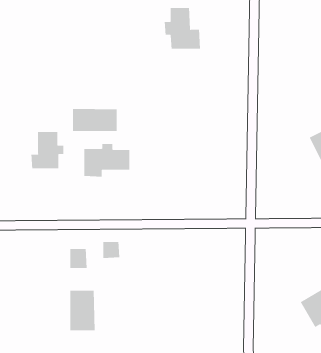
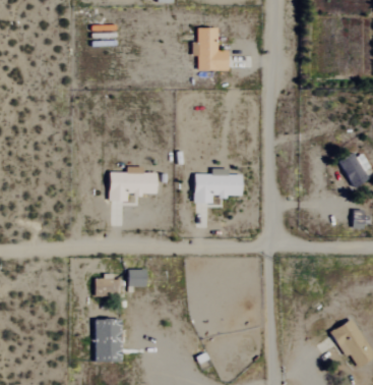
building: [73,108,117,132] -> none
building: [31,131,64,169] -> none
building: none -> [194,169,243,204]

